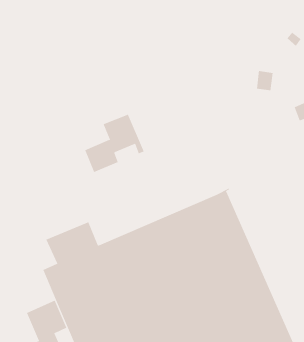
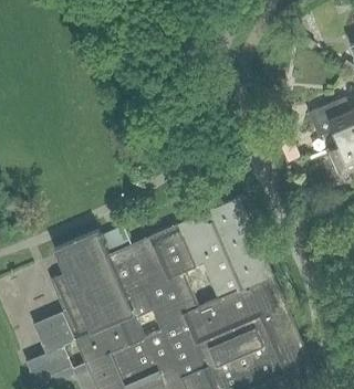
building: [85,114,145,173] -> none

